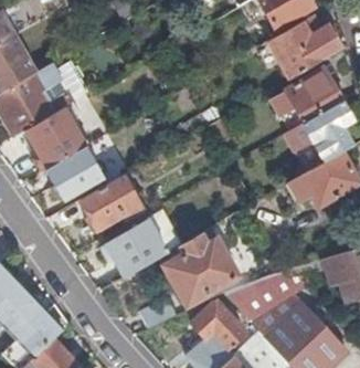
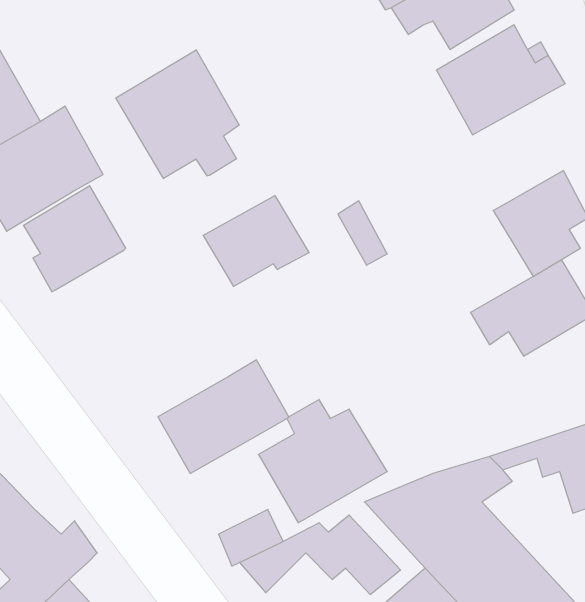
building: none -> [116,50,239,179]
building: [284,69,340,123] -> none
building: [44,147,102,201] -> none
building: [80,177,141,230] -> [203,196,309,286]

